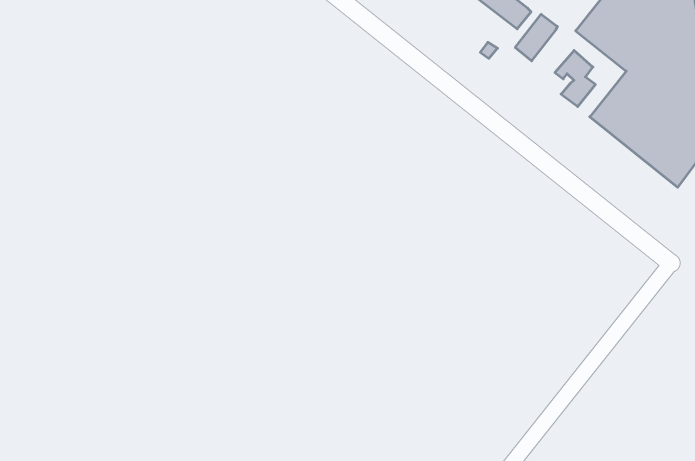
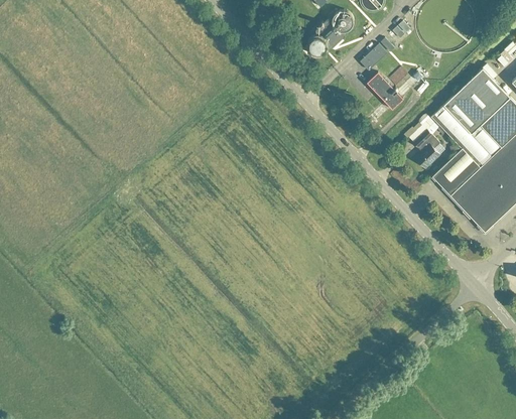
building: [515,14,557,61] -> none

